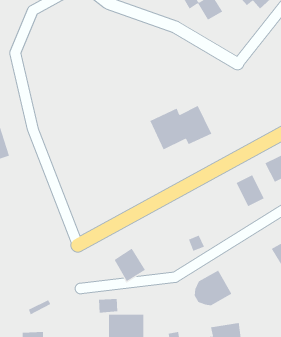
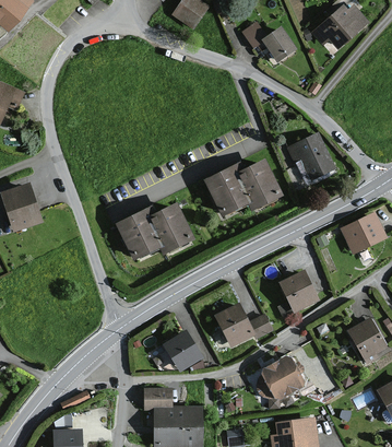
building: none -> [288,134,332,177]
building: none -> [118,204,191,257]
building: [236,175,264,207] -> [282,271,316,309]
building: none -> [216,305,252,344]

